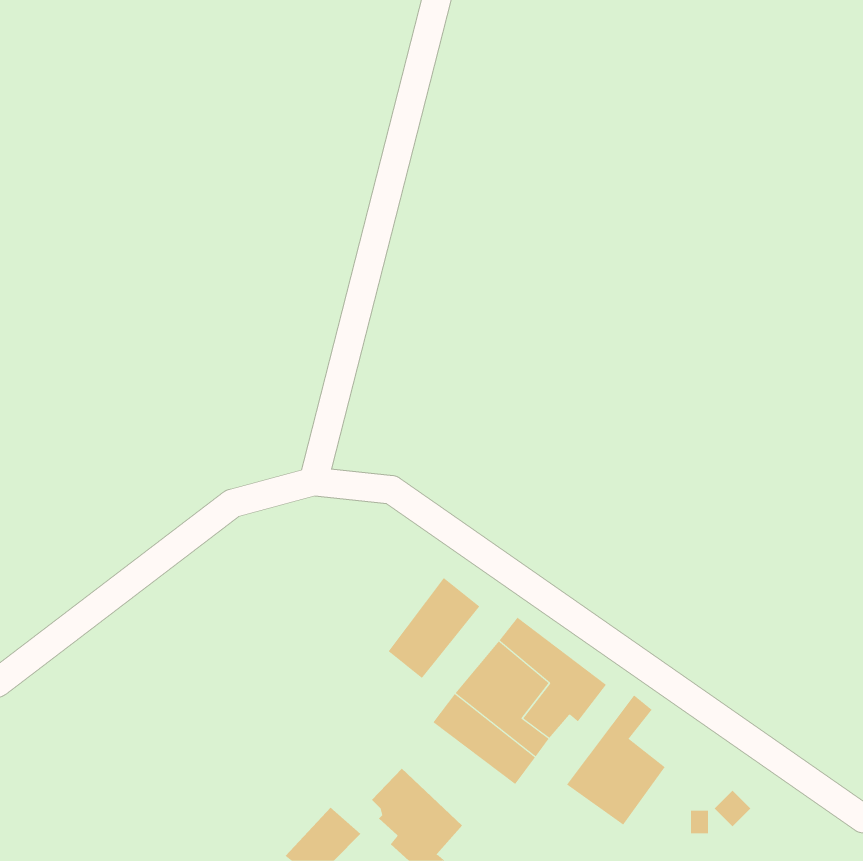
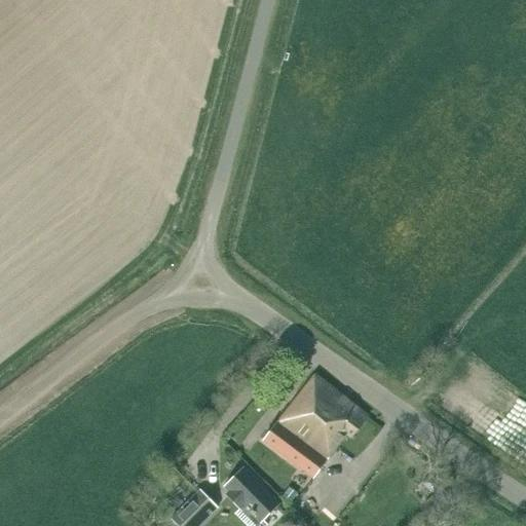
building: [388,577,480,679] -> none
building: [566,695,665,826] -> none

